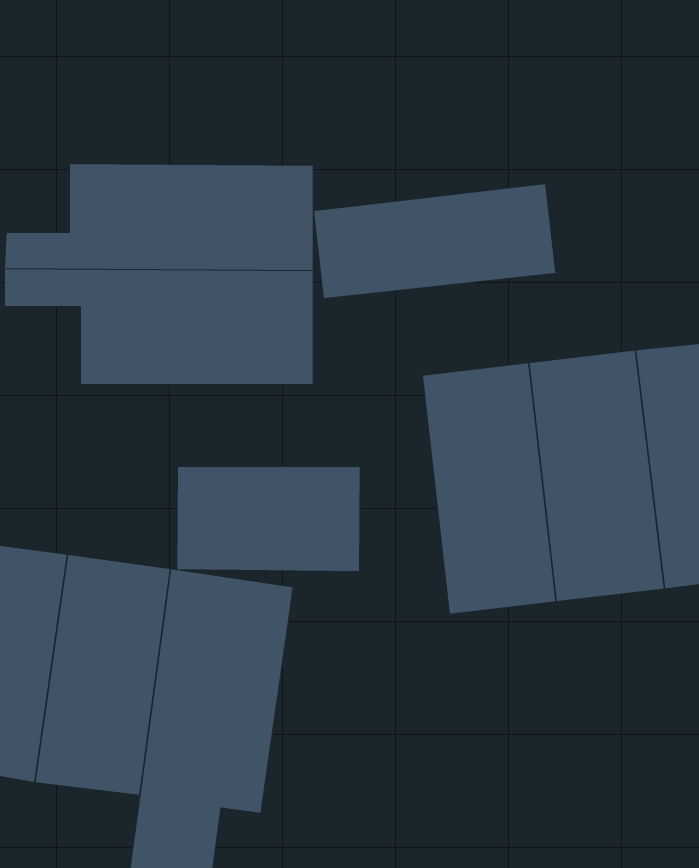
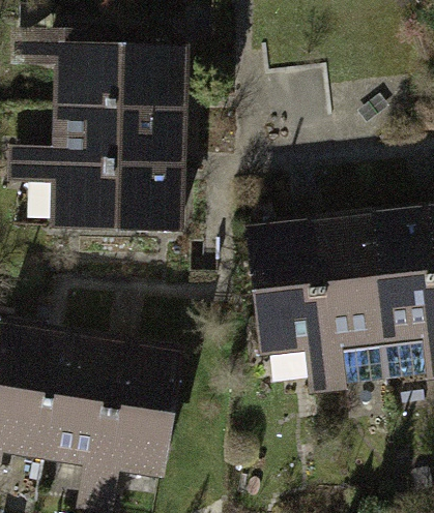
building: none -> [46,40,186,109]
building: [314,184,556,299] -> none
building: [177,466,360,572] -> none

